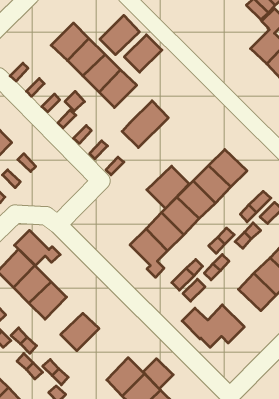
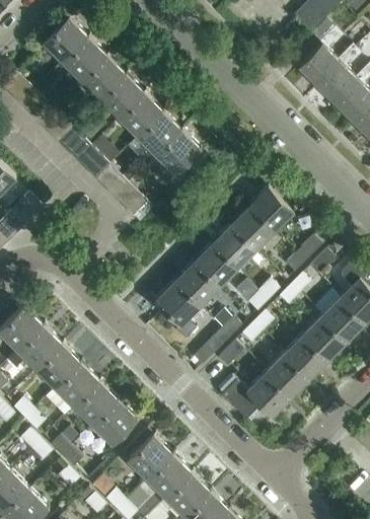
building: none -> [43,18,88,64]
building: [100,15,139,55] -> none
building: [124,35,162,72] -> [137,112,181,156]
building: [147,166,189,208] -> none
building: [14,230,60,265] -> none
building: none -> [265,354,310,398]
building: none -> [55,363,99,407]
building: none -> [92,400,137,446]
building: [143,359,173,389] -> none

